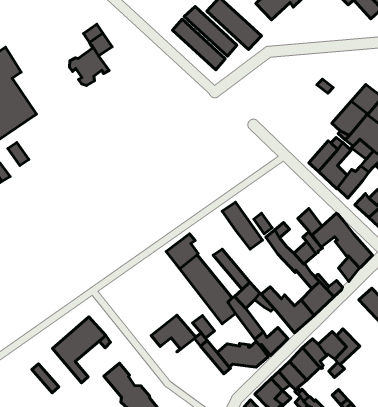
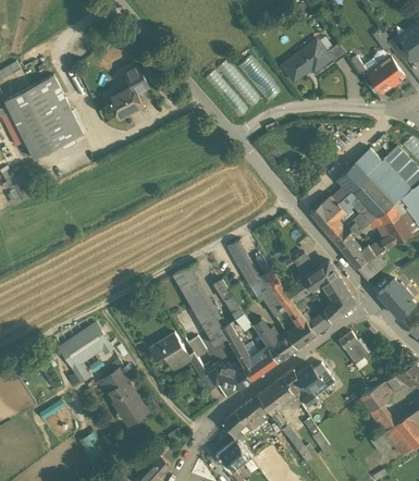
building: none -> [247,274,284,316]

